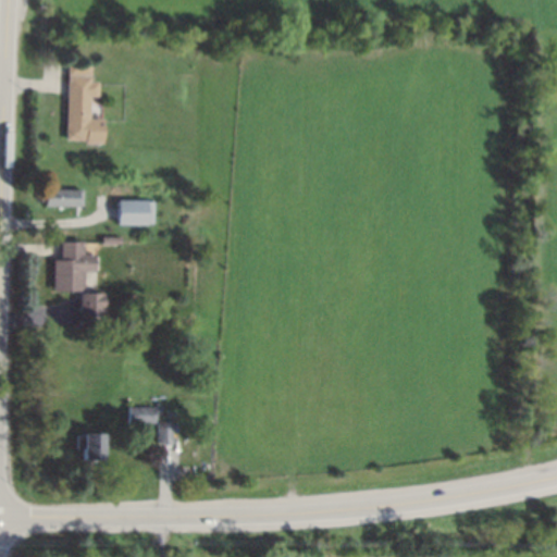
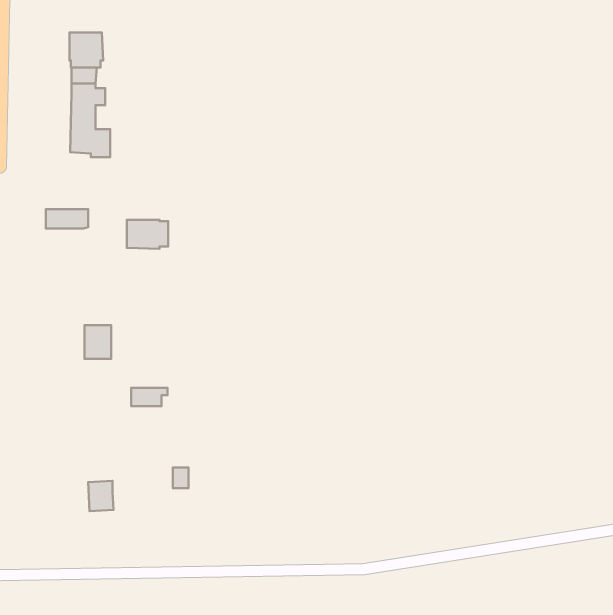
building: none -> [69,32,103,68]
building: [54,243,96,292] -> none
building: [131,407,163,423] -> [131,388,167,406]

